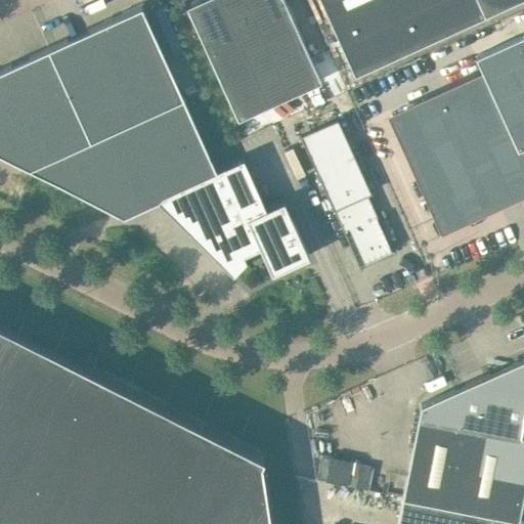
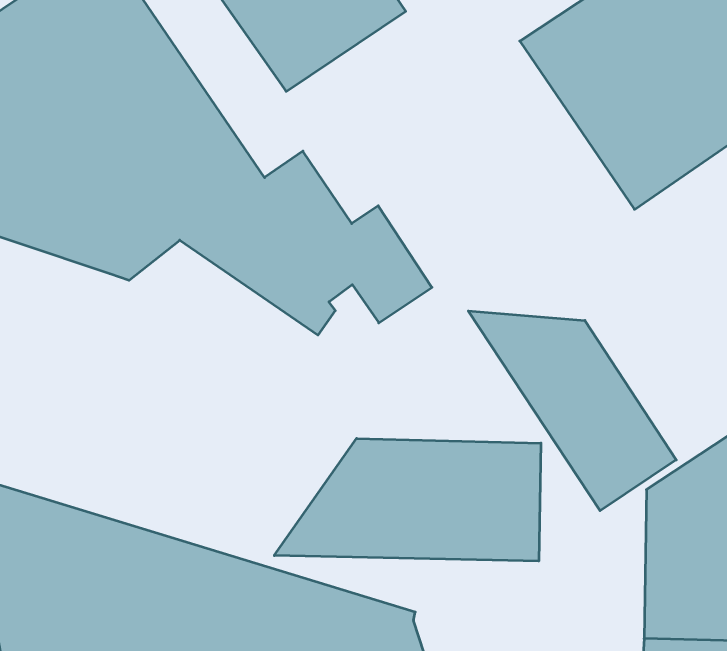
building: [301,122,395,273] -> none
building: none -> [468,311,676,511]
building: none -> [274,438,541,561]

